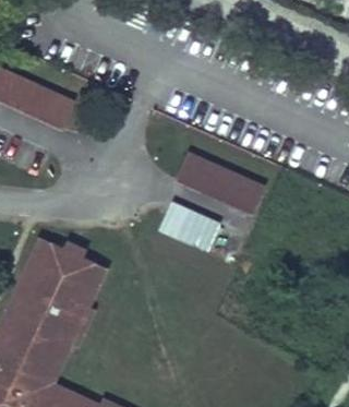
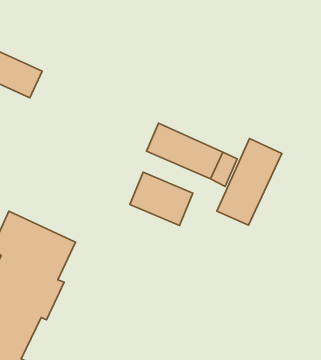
building: none -> [217,138,282,225]

